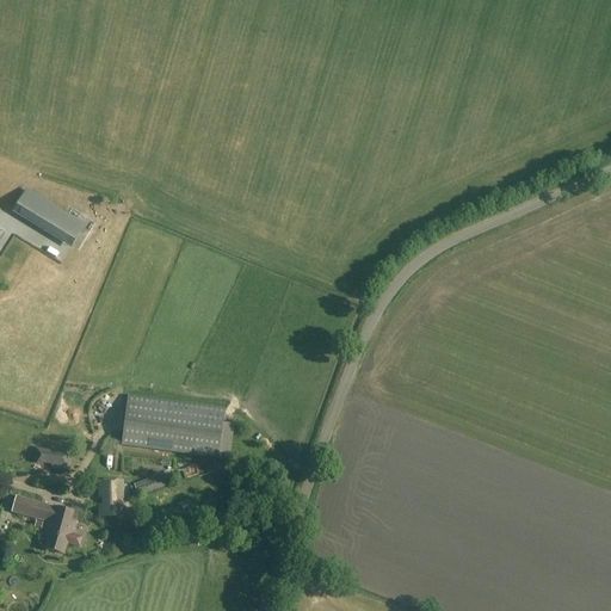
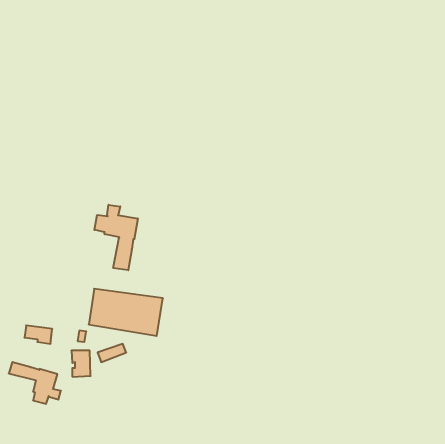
building: [13,189,85,245] -> none
building: none -> [94,205,138,270]

